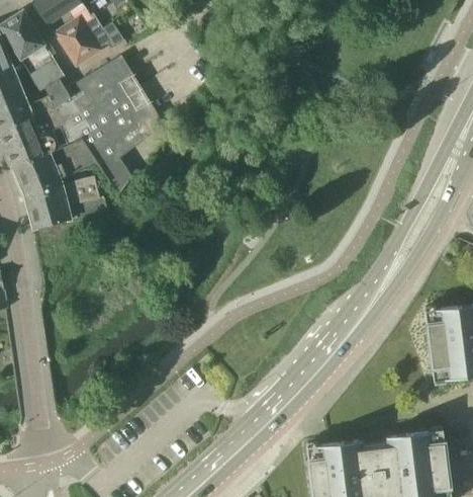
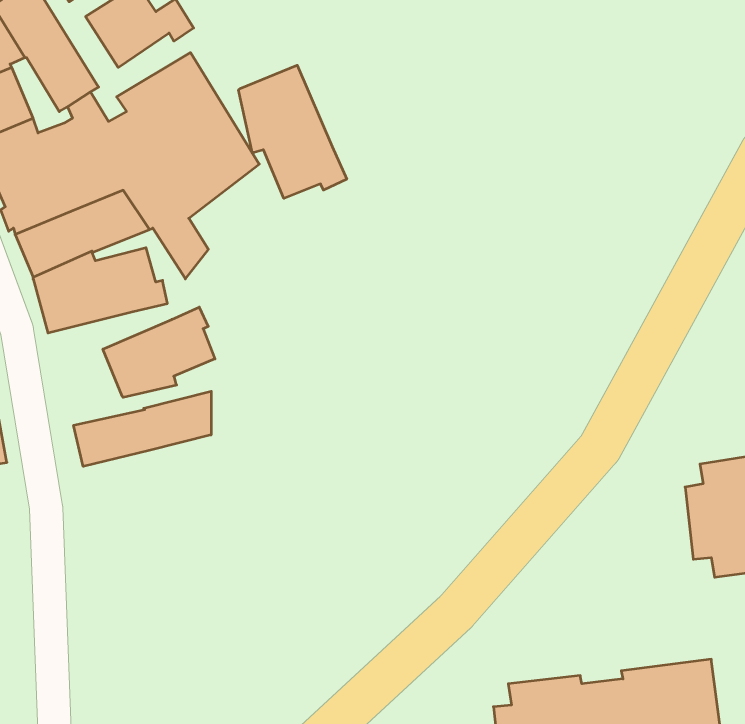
building: none -> [239,65,347,198]
building: none -> [103,307,215,397]
building: none -> [74,391,211,466]

